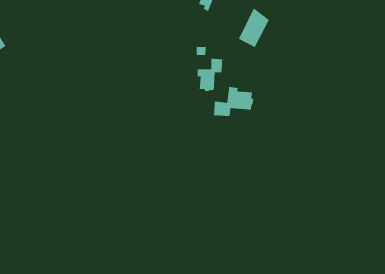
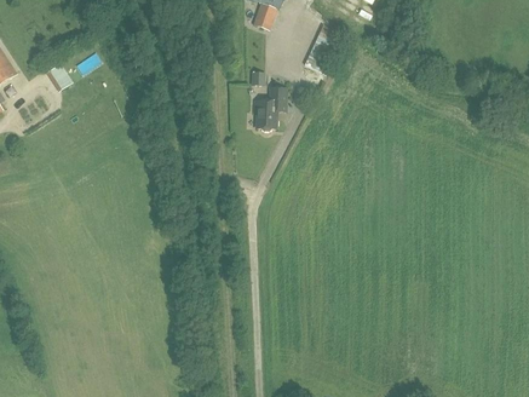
building: [213,86,254,117] -> none

